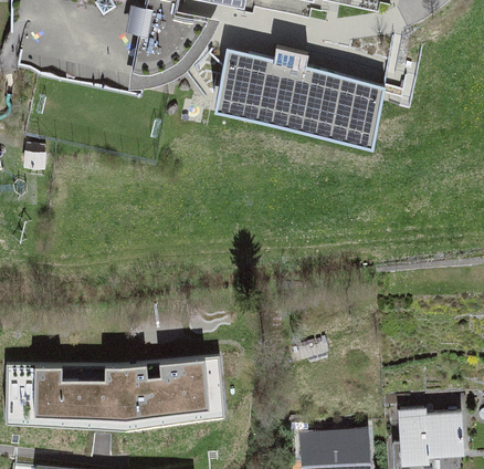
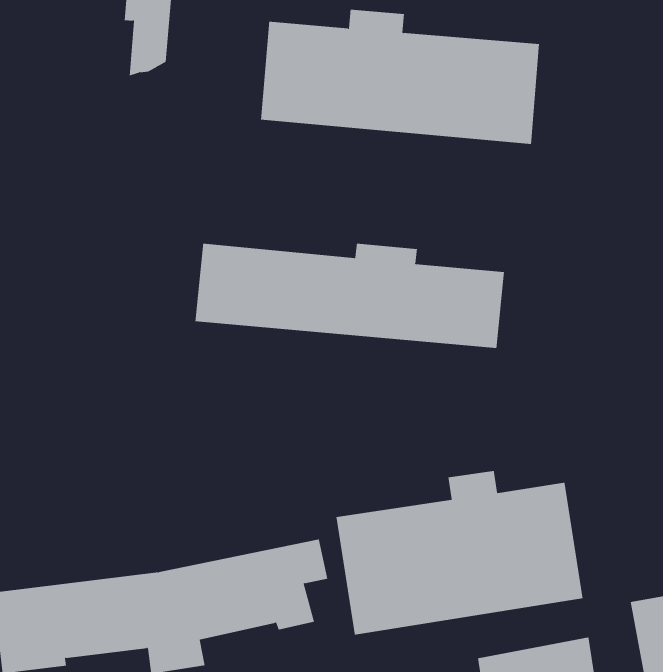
building: none -> [195,243,505,349]
building: none -> [336,470,583,635]

